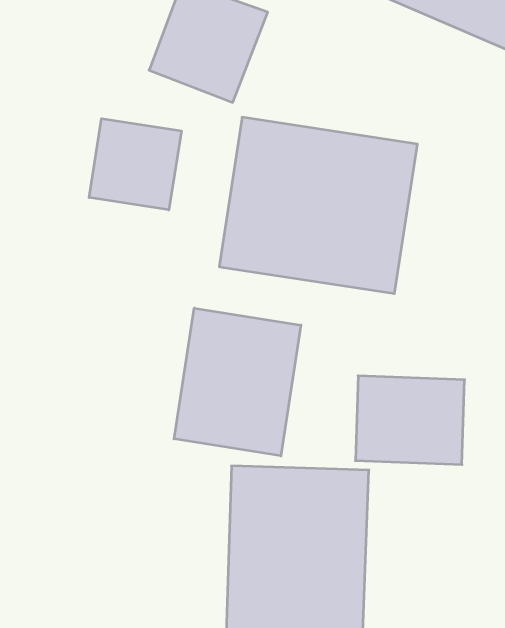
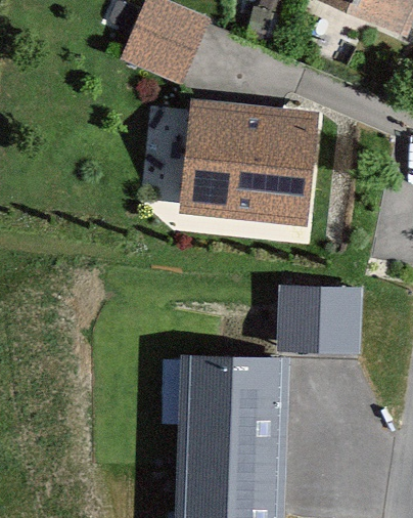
building: [89,119,181,210] -> none
building: [174,308,301,456] -> none

